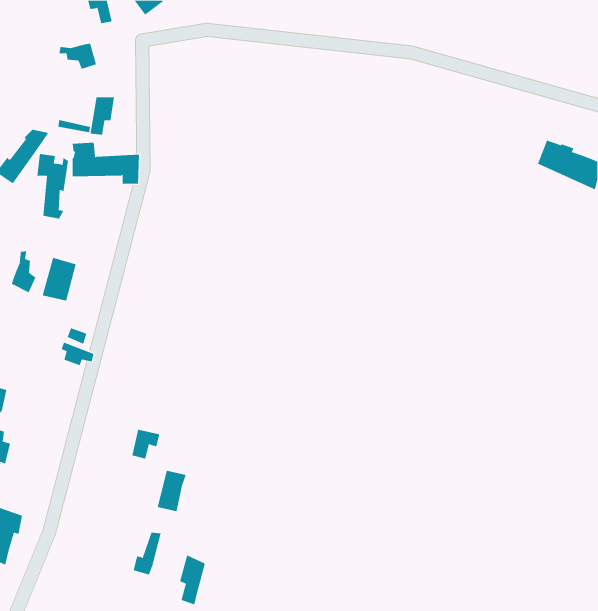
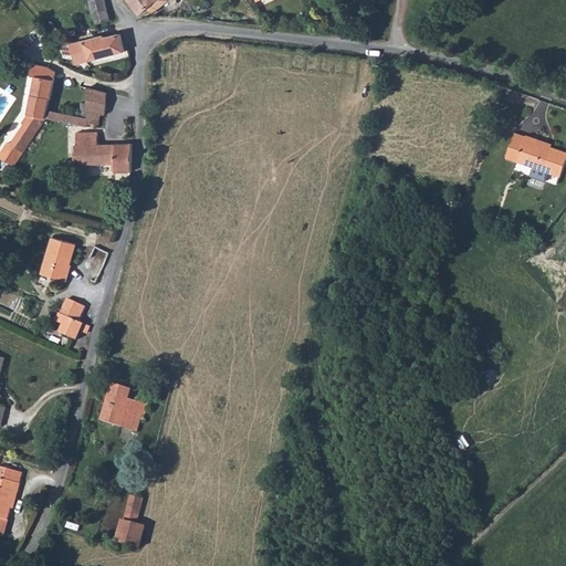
building: none -> [84,34,120,60]
building: [37,154,69,219] -> [24,62,54,123]
building: [11,251,36,293] -> none
building: [157,470,187,512] -> [103,382,130,421]
building: [179,554,206,605] -> none

